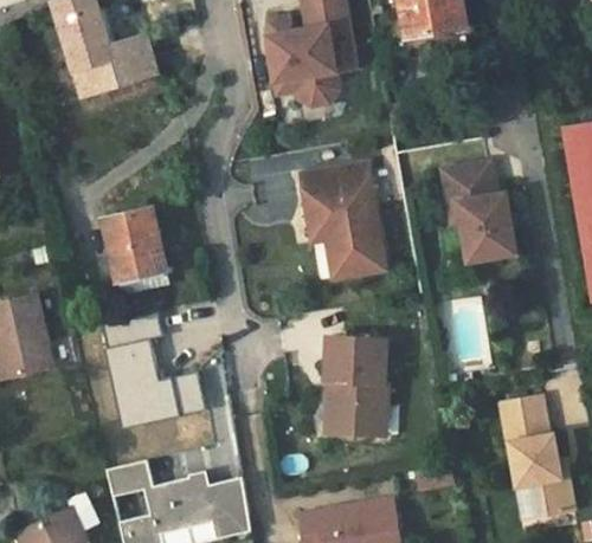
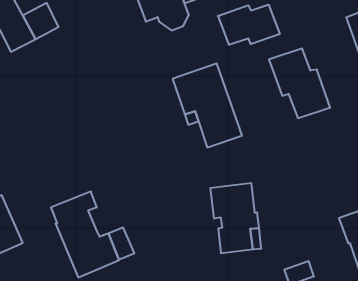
building: none -> [218,5,280,45]
building: [102,208,163,279] -> none

